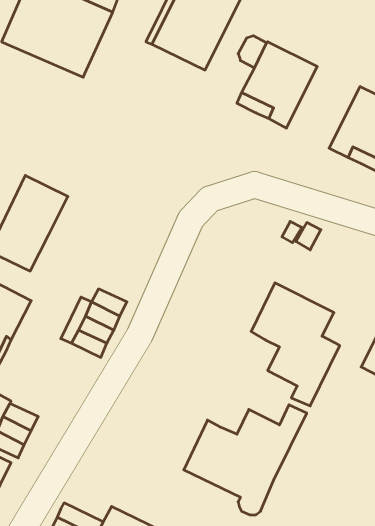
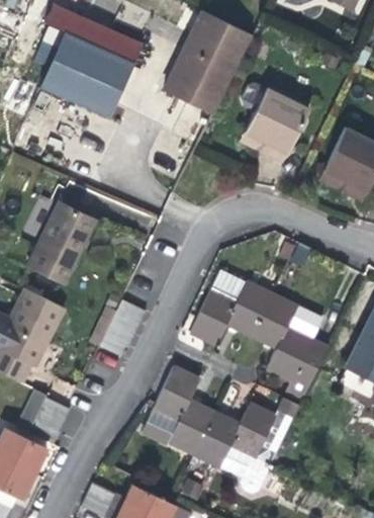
building: none -> [189,268,272,344]
building: none -> [143,365,214,453]

